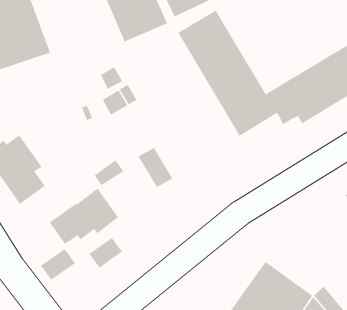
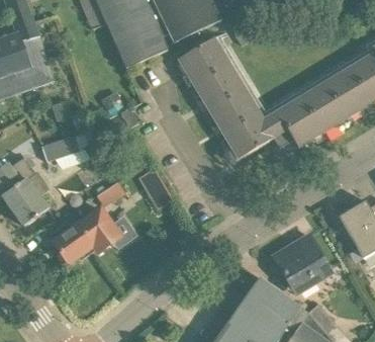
building: none -> [41,135,79,162]
building: none -> [276,235,332,295]
building: [88,237,123,268] -> none
building: [40,248,76,281] -> none

